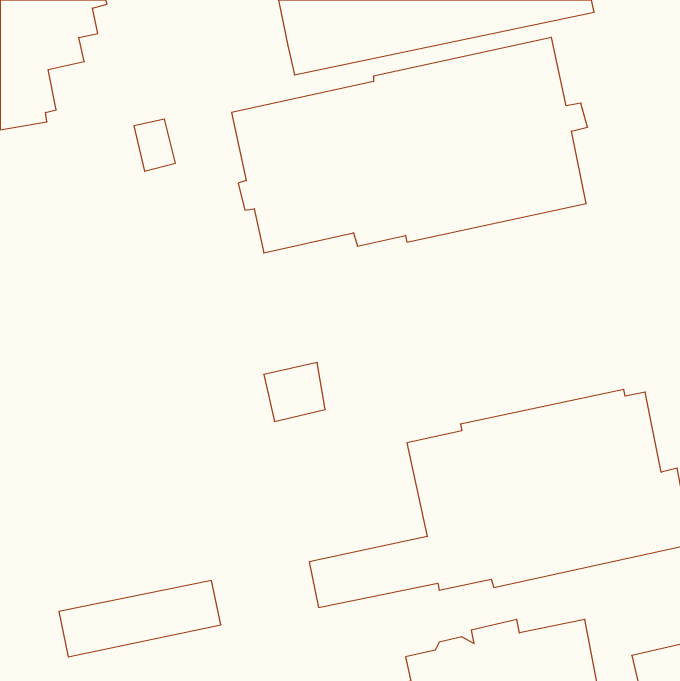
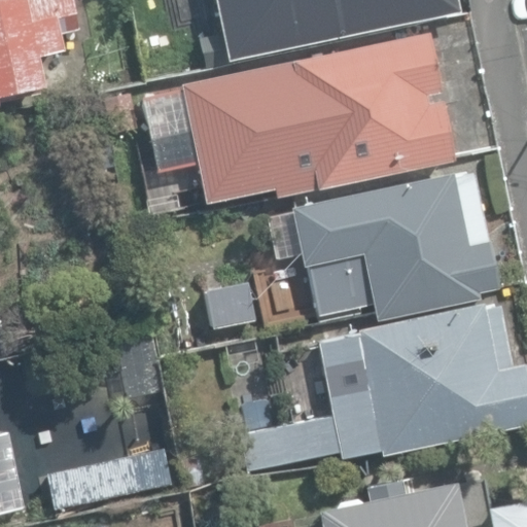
building: none -> [292,173,501,322]

